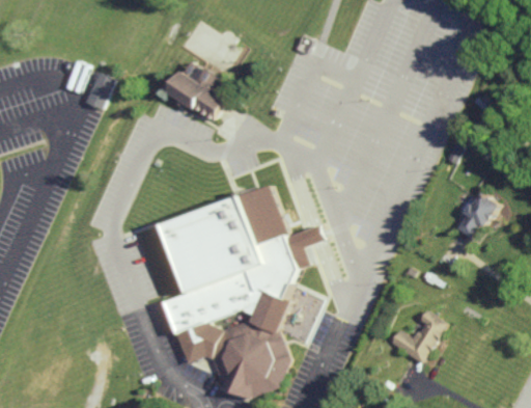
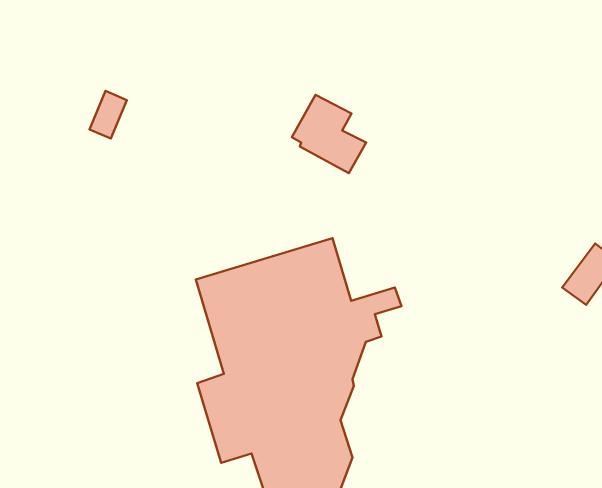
building: [168,59,226,120] -> [292,95,366,173]
building: [386,309,444,362] -> none

